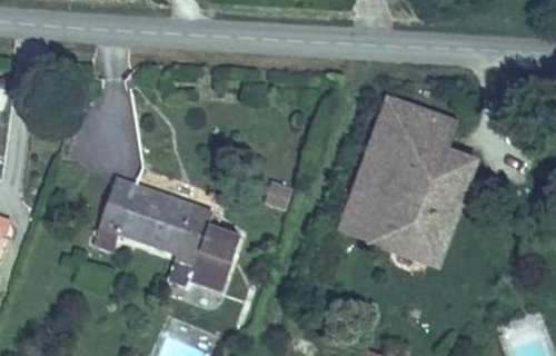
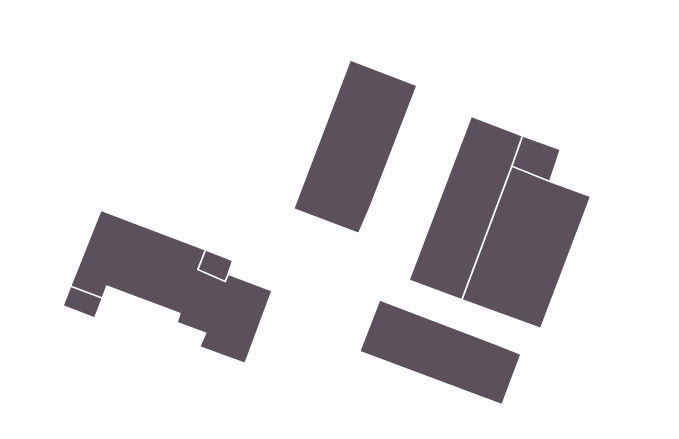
building: none -> [293,60,417,233]
building: none -> [360,300,521,405]

